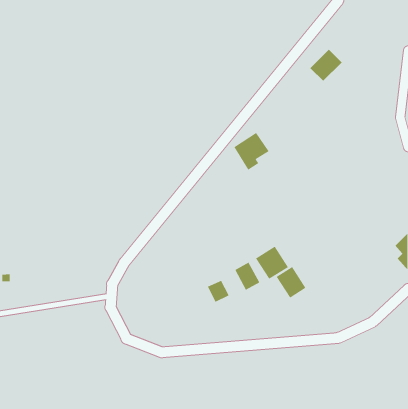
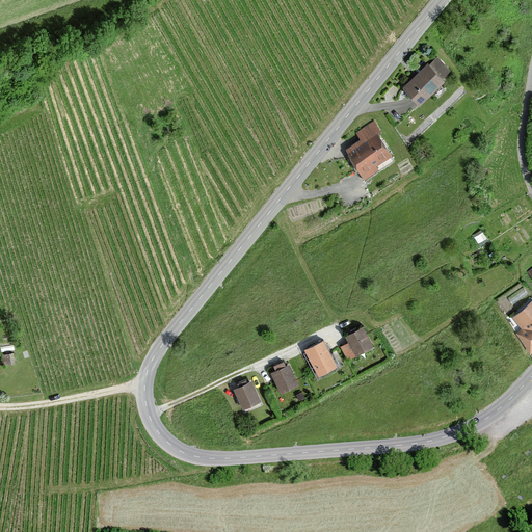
building: [233,132,269,171] -> [347,131,394,181]
building: [276,266,306,299] -> none
building: none -> [232,380,260,409]

